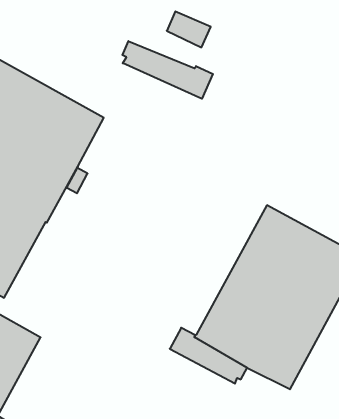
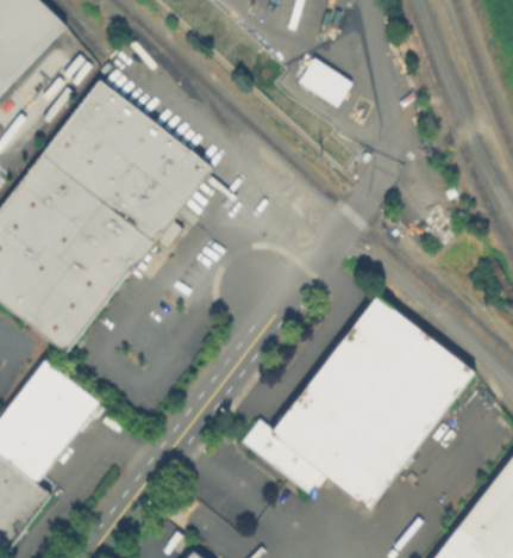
building: [122,41,213,99] -> none

